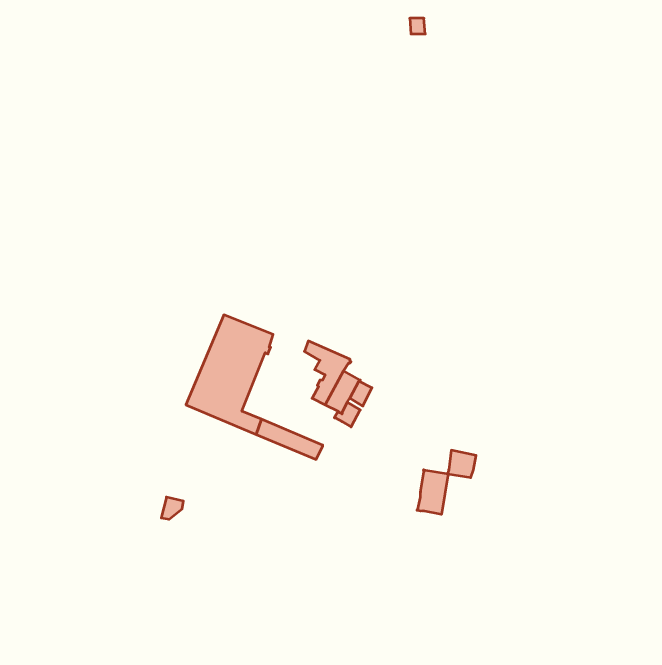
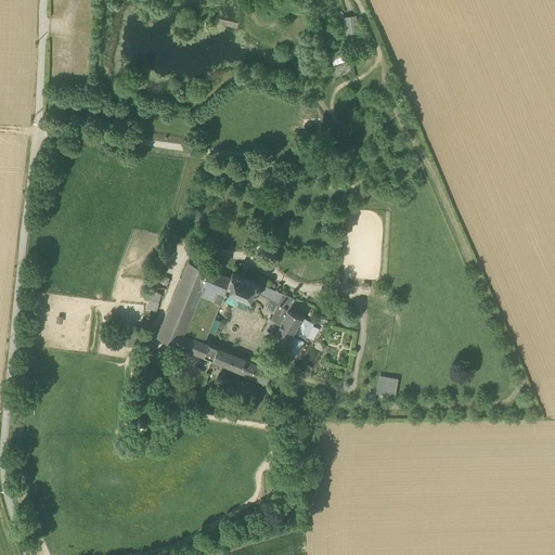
building: none -> [224,273,257,300]
building: [417,470,448,514] -> none

